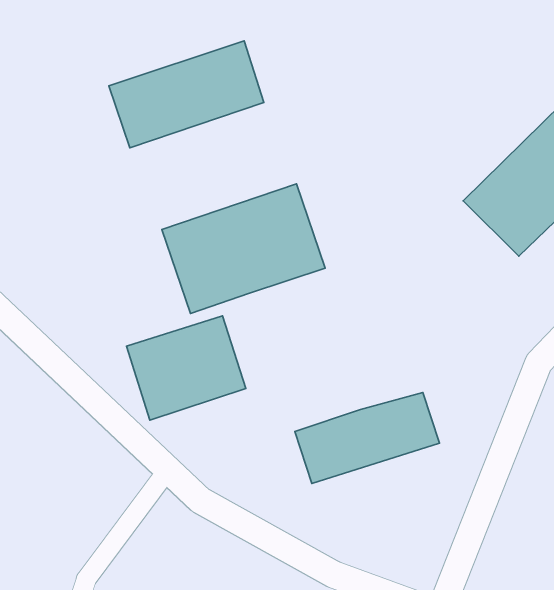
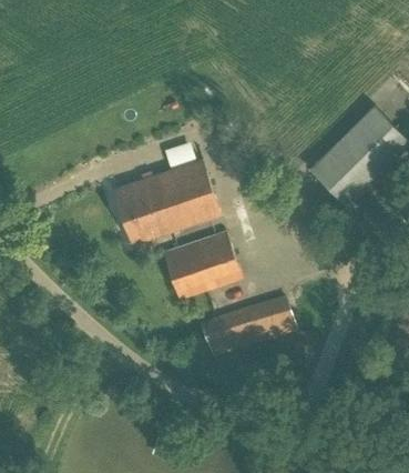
building: [109,41,264,148] -> none
building: [126,316,246,420] -> [162,231,241,300]

